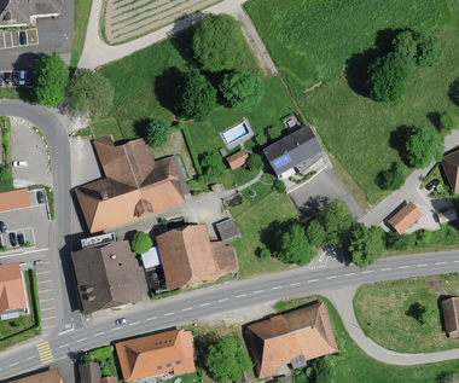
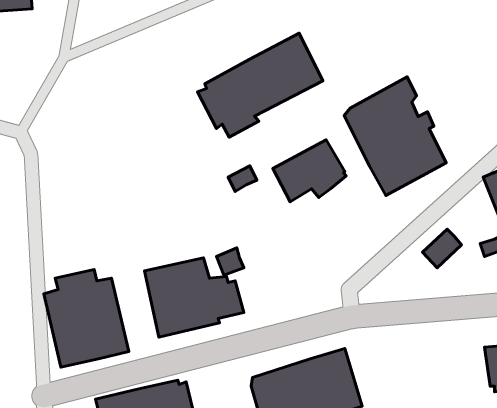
building: none -> [197,33,323,137]
building: none -> [344,77,446,195]
building: [75,133,190,234] -> none

